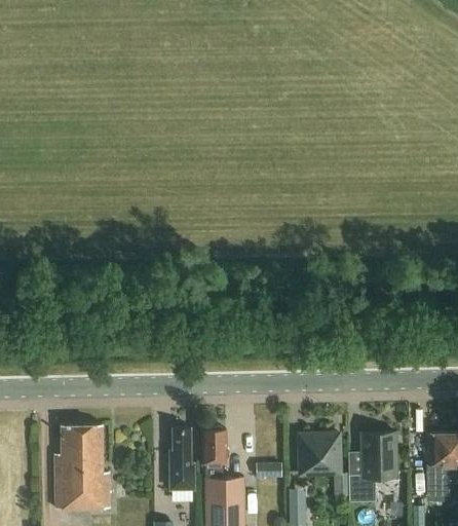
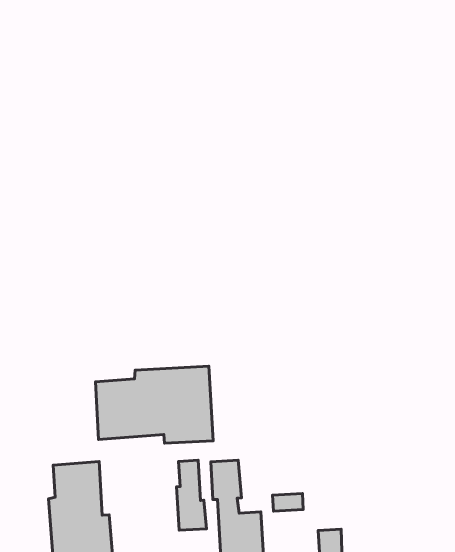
building: none -> [96,366,213,443]
building: [348,434,397,502] -> none
building: [300,435,340,475] -> none

